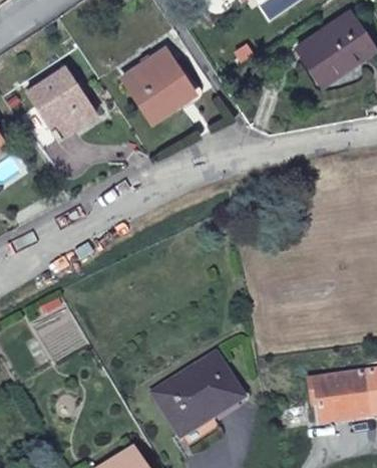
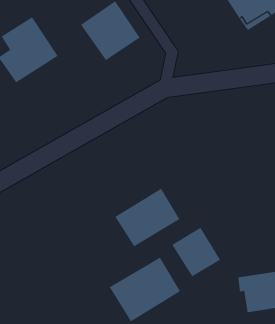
building: none -> [114,188,180,247]
building: none -> [171,227,221,277]

